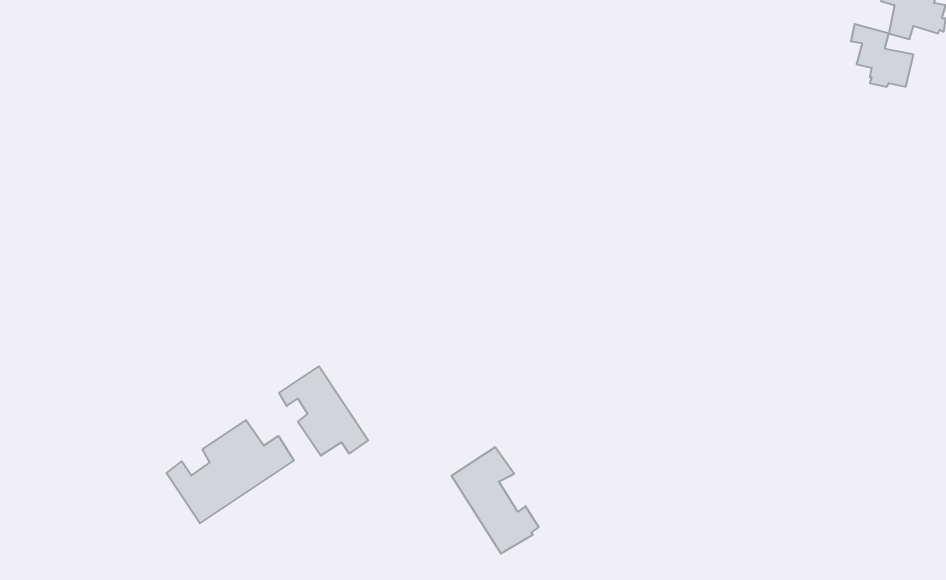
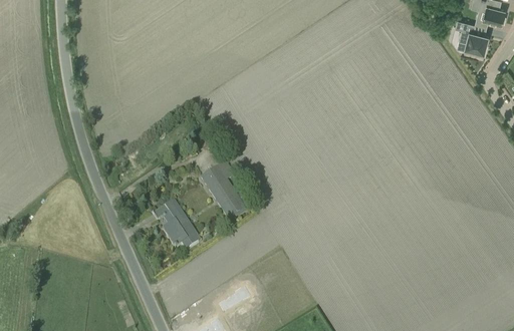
building: [166,420,294,523] -> none
building: [451,447,539,554] -> [202,160,248,217]

